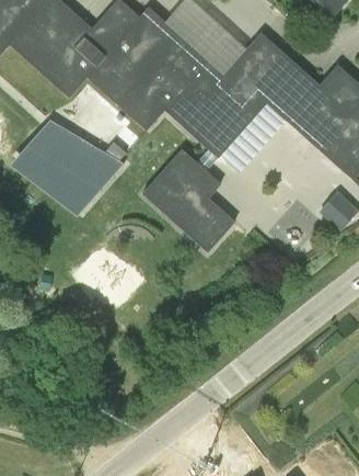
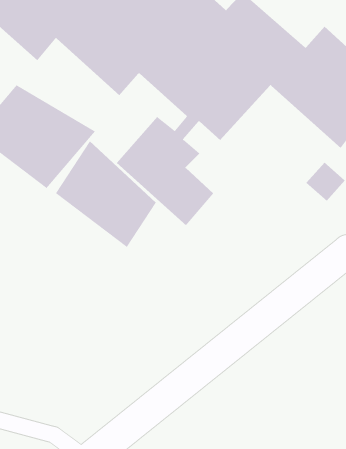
building: none -> [55,141,156,248]

